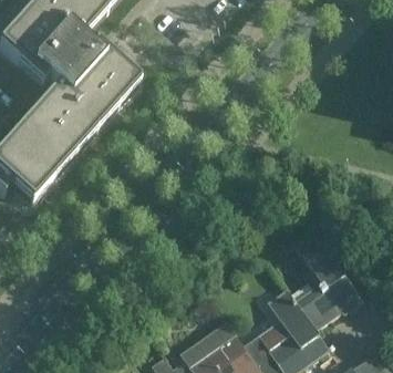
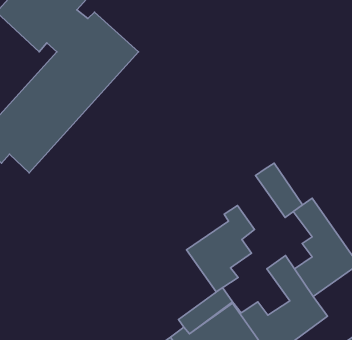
building: none -> [256,163,302,218]
building: none -> [187,206,254,292]

